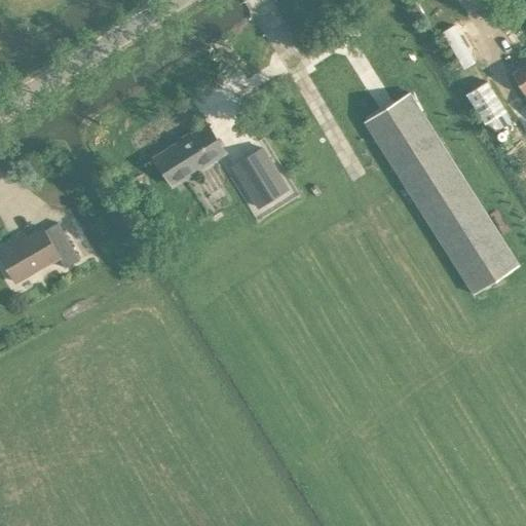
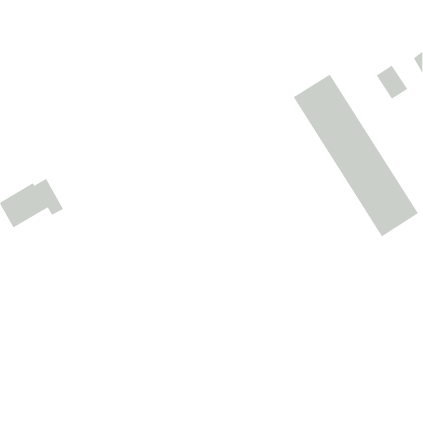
building: [154,124,225,187] -> none
building: [232,148,287,208] -> none

